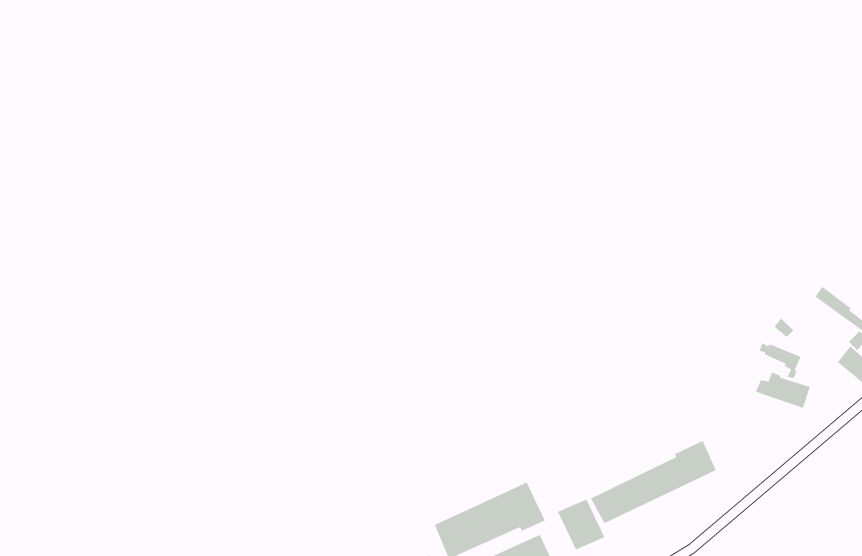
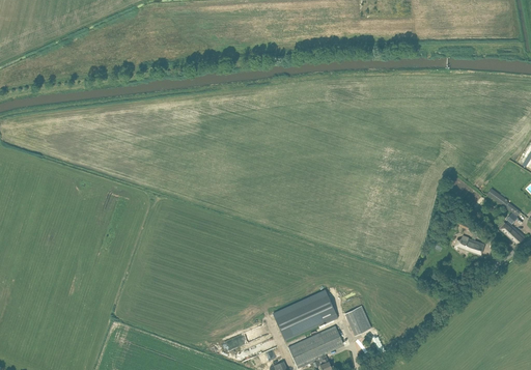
building: [590,440,717,524] -> none

